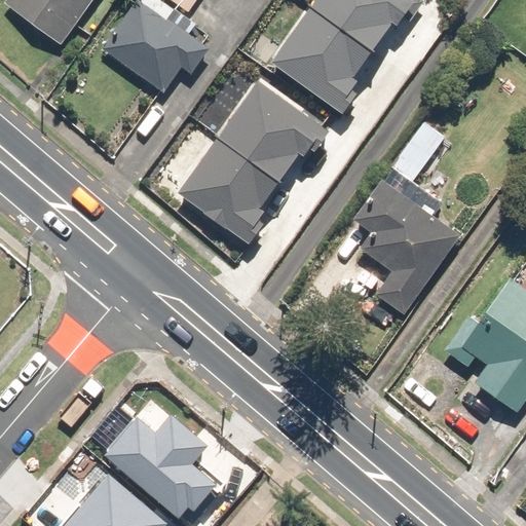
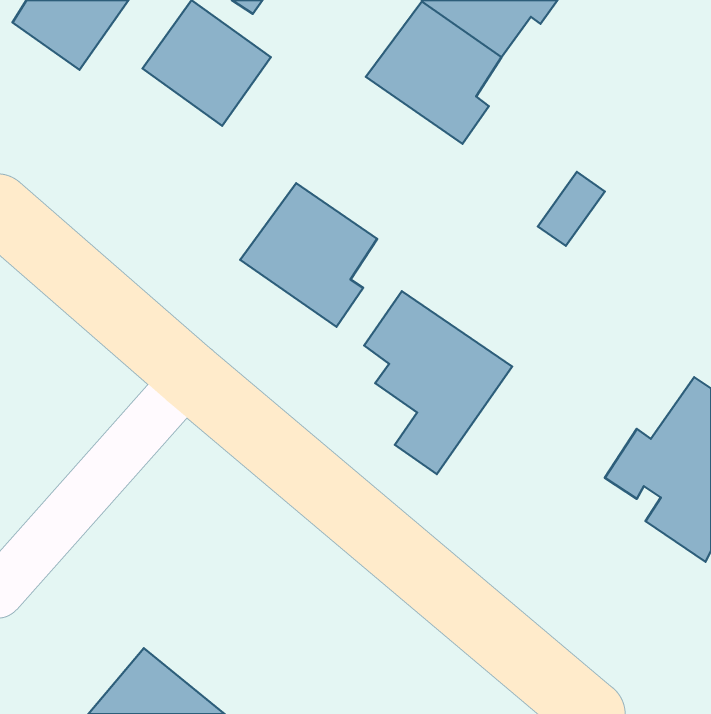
building: [218,78,325,176] -> none
building: [351,180,460,314] -> [364,291,512,474]
building: [104,413,222,516] -> none

